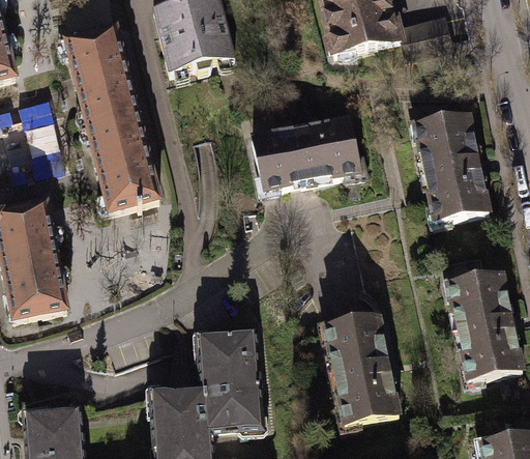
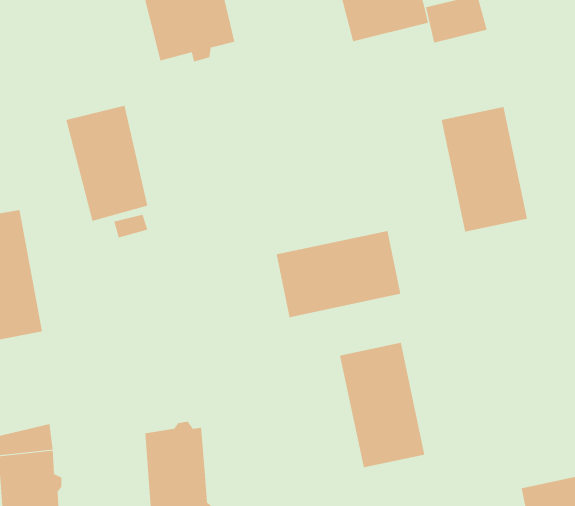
building: [65,26,139,123] -> none
building: [249,117,358,193] -> [276,230,401,318]
building: [447,271,522,380] -> none
building: [203,325,262,428] -> none

